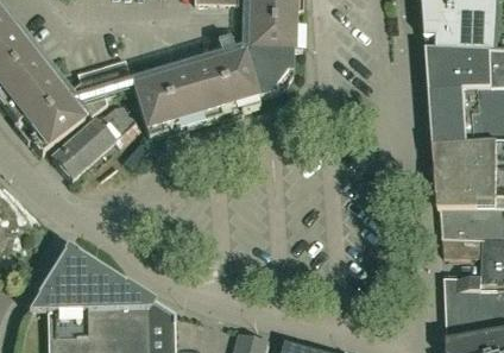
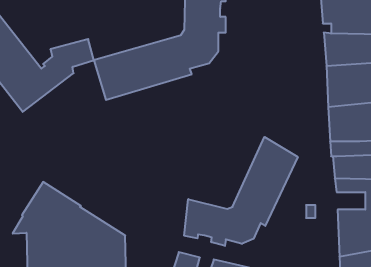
building: [51,103,134,179] -> none
building: none -> [184,137,298,246]

